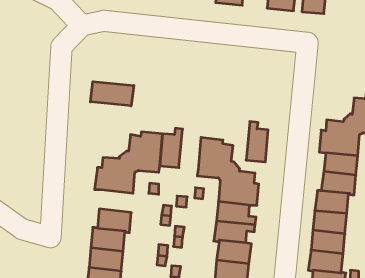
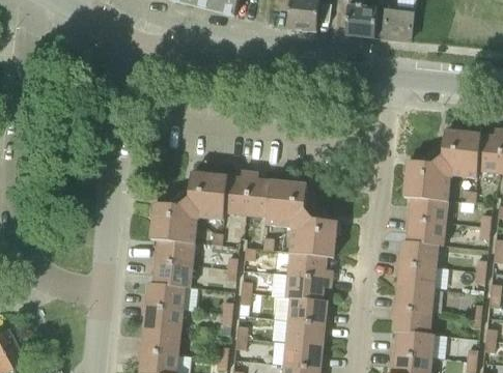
building: [90,82,134,106] -> none
building: [246,122,268,162] -> [246,171,271,217]
building: none -> [156,239,194,265]

